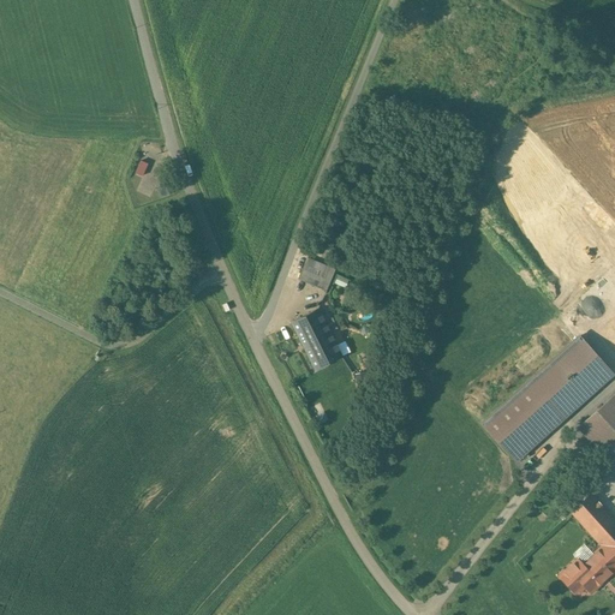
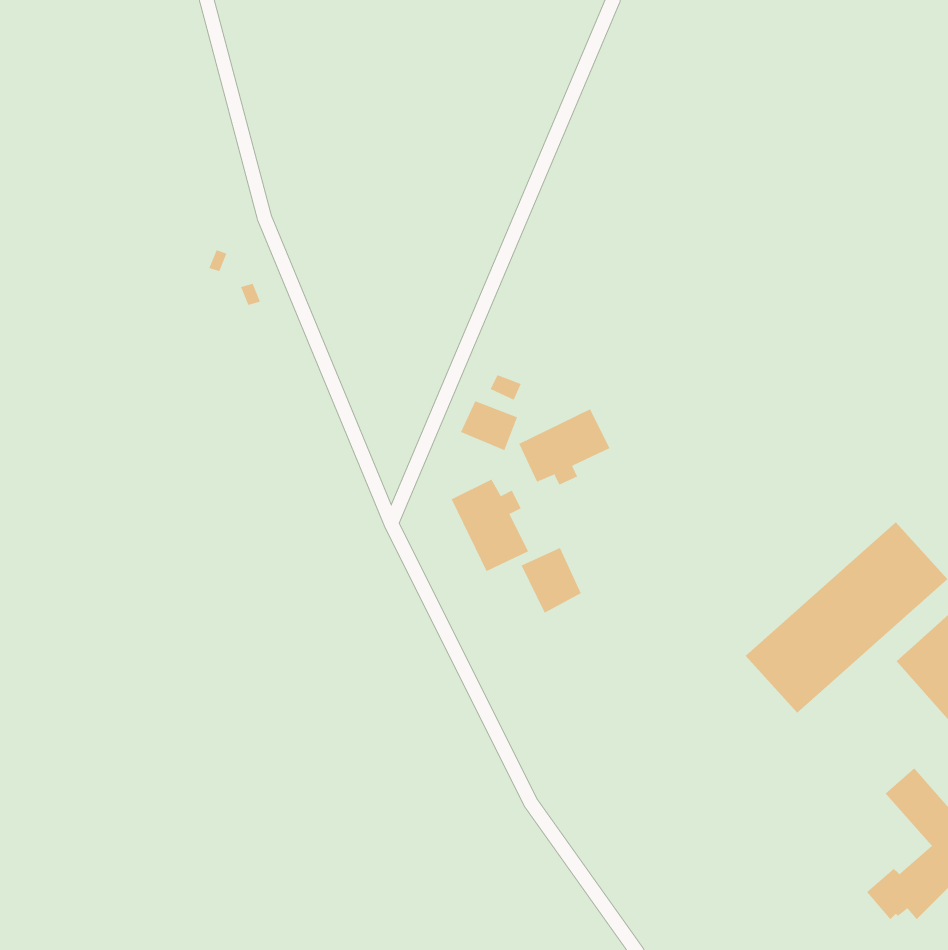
building: none -> [518,409,610,486]
building: none -> [521,547,581,613]

